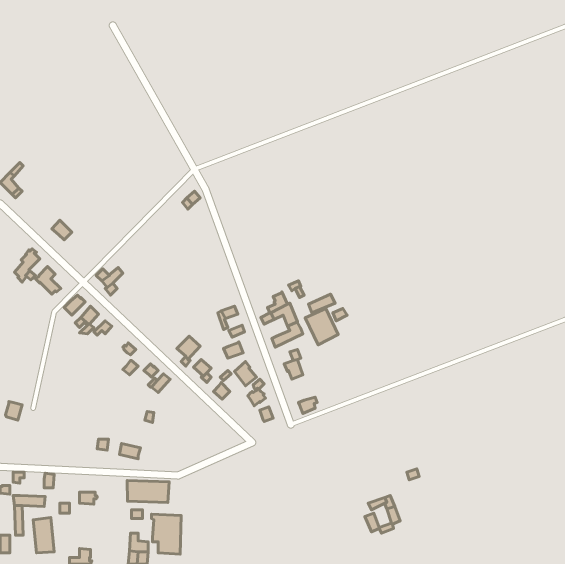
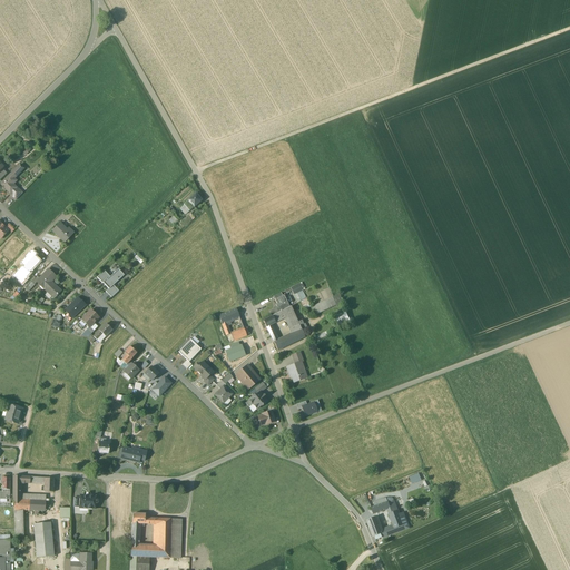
building: [305,308,338,345] -> none
building: [127,481,169,502] -> none

